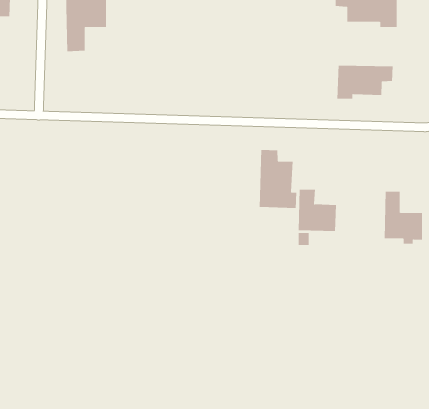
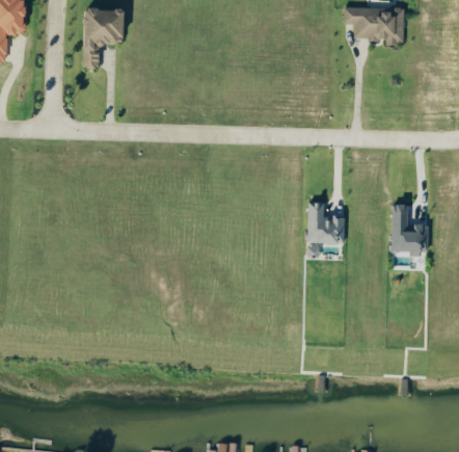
building: [337,65,393,100] -> none
building: [259,149,297,209] -> none

